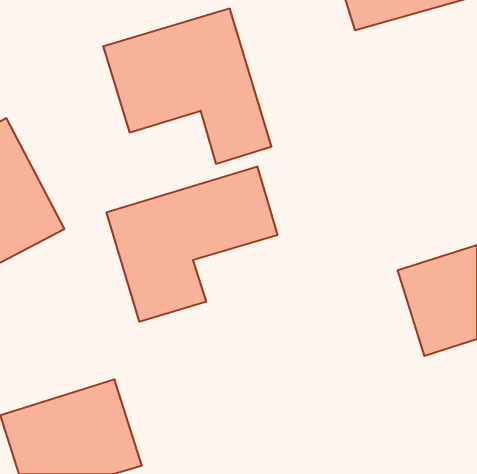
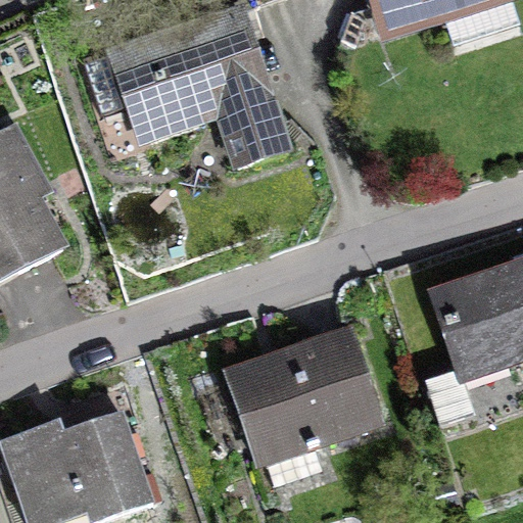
building: [107,166,277,322] -> none
building: none -> [226,330,387,467]

